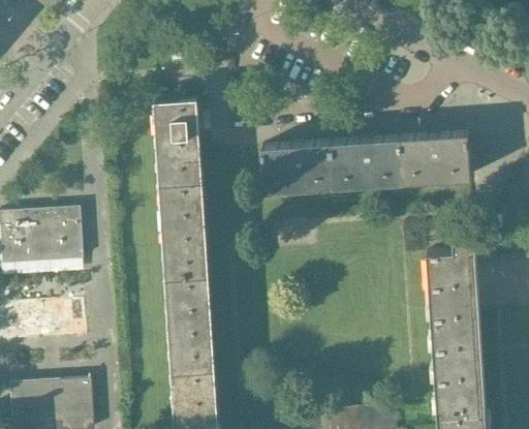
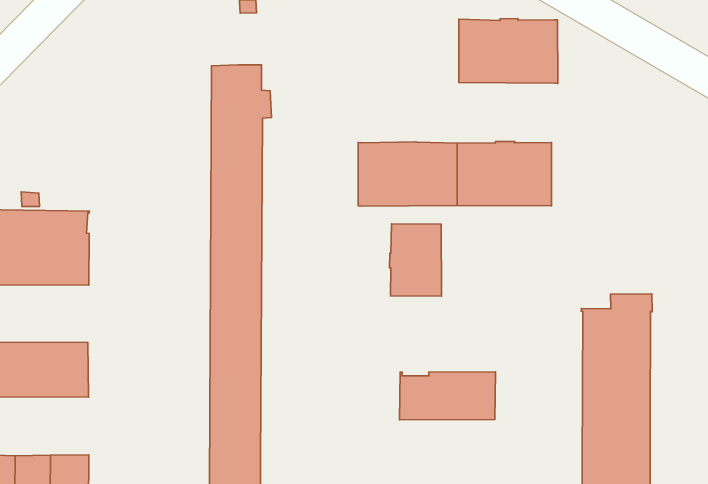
building: [397,133,469,182] -> [459,19,558,83]
building: none -> [390,224,441,296]
building: none -> [399,372,496,420]

